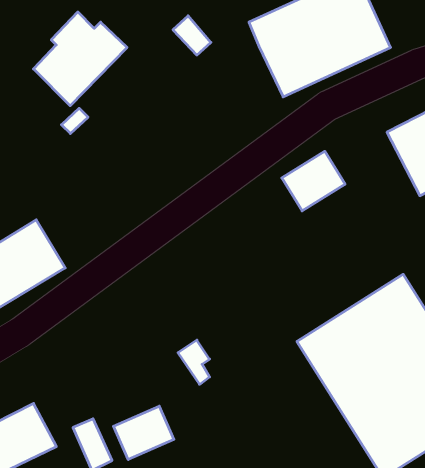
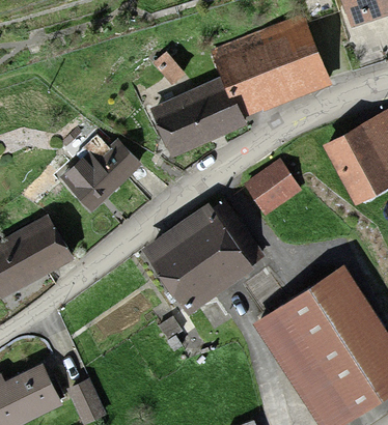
building: [33,12,127,106] -> [62,134,139,210]
building: none -> [153,77,247,160]
building: none -> [148,201,266,317]
building: [113,406,174,460] -> none

